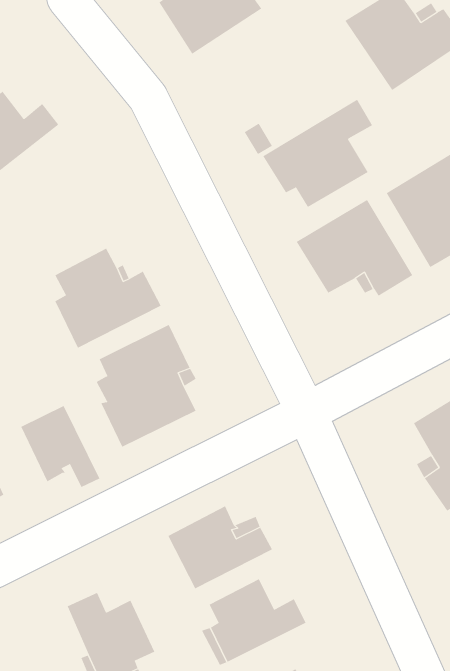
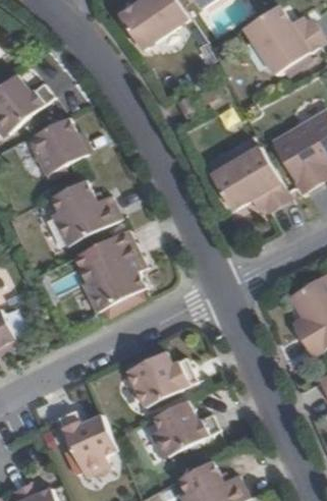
building: [262,99,373,208] -> none
building: none -> [25,117,86,175]
building: [20,405,100,488] -> none

